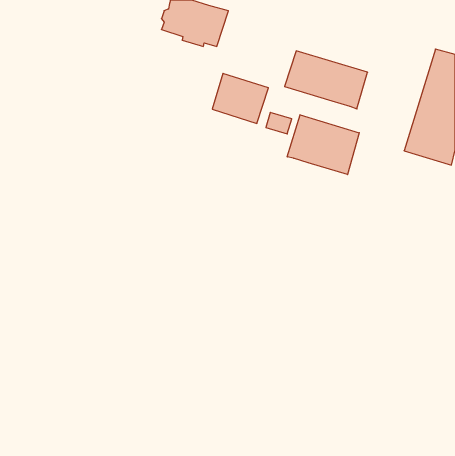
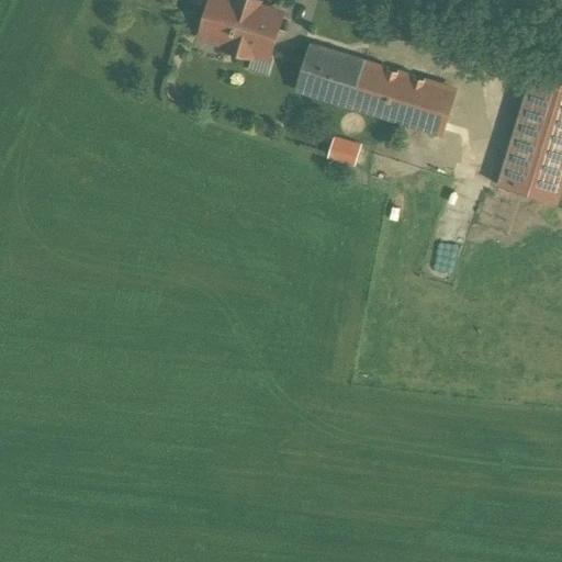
building: [212,73,268,123] -> [295,45,364,106]
building: [287,115,359,175] -> none

